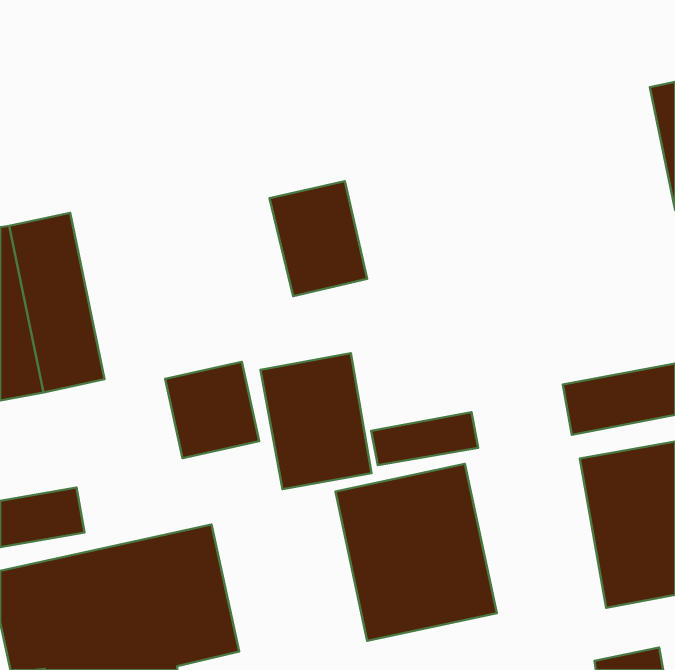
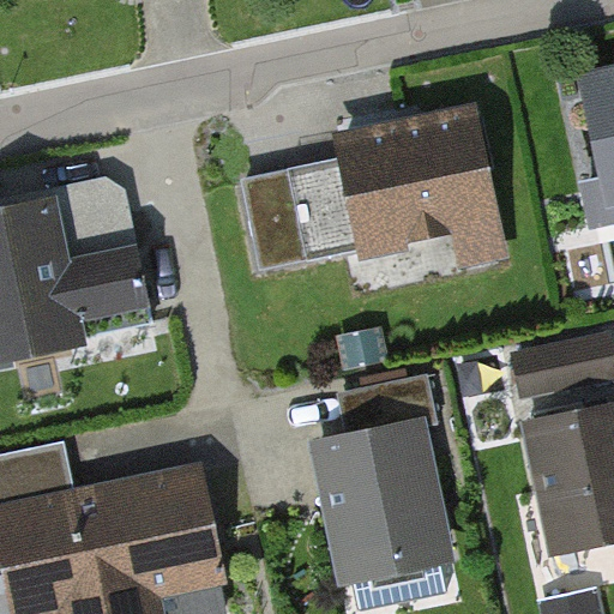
building: none -> [329,116,508,273]
building: [260,353,371,489] -> none
building: [165,362,259,458] -> [78,235,163,323]

